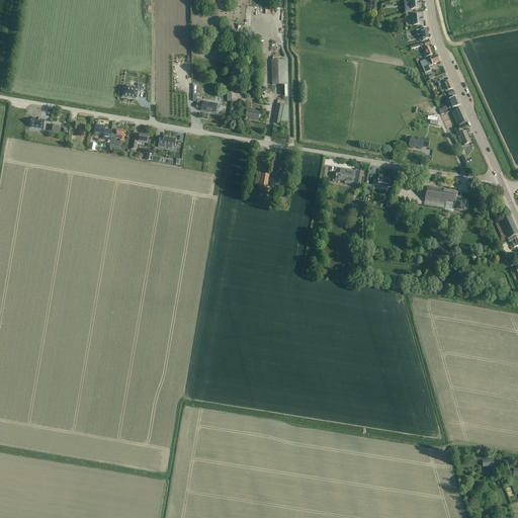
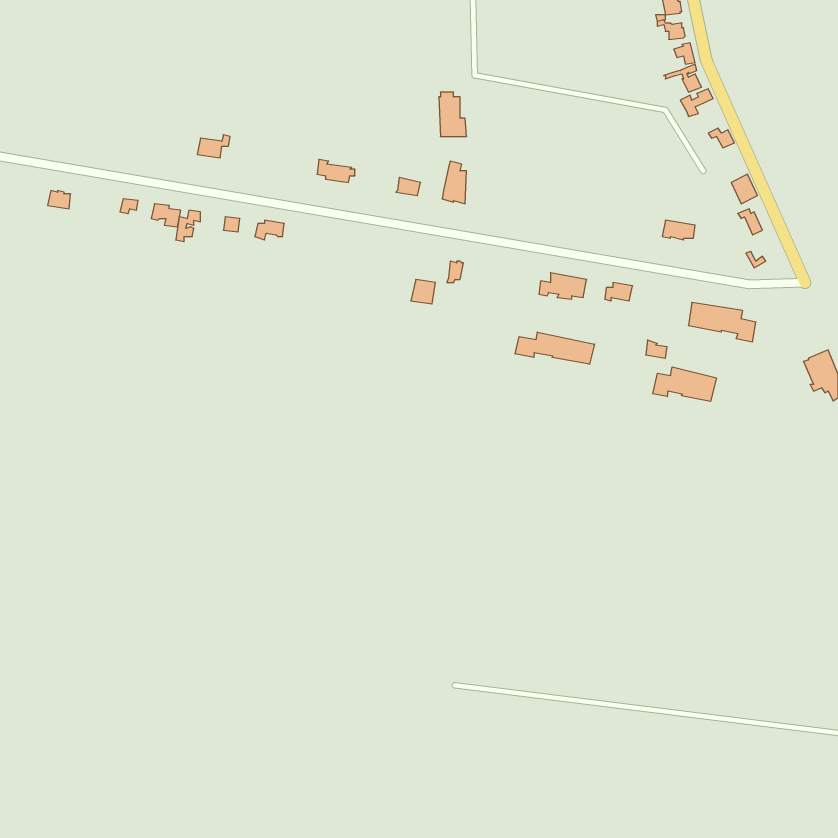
building: none -> [515,332,595,364]
building: none -> [653,367,716,401]

